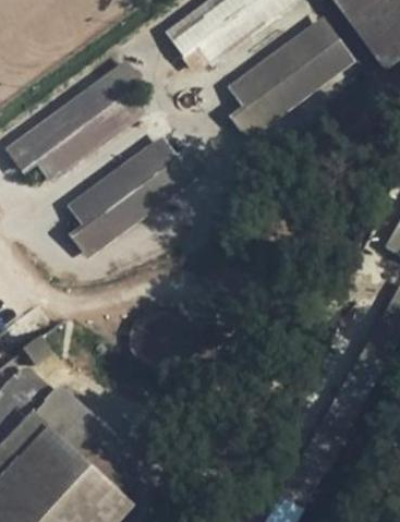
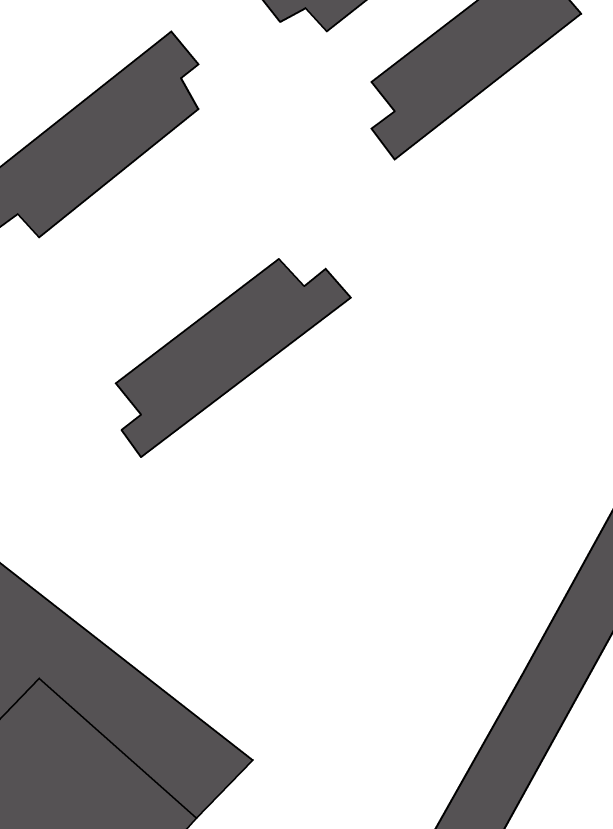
building: [66,141,198,252] -> [116,259,351,457]

